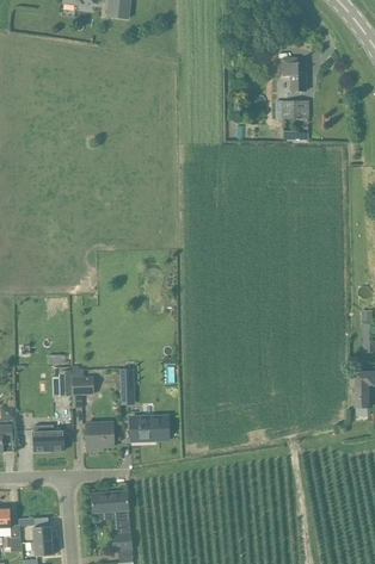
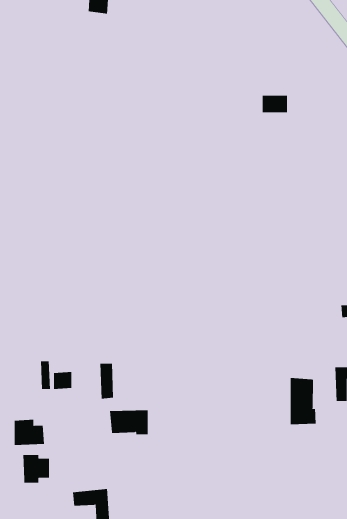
building: [281,57,305,92] -> none
building: none -> [290,377,316,425]
building: [85,422,112,451] -> [22,454,50,483]

